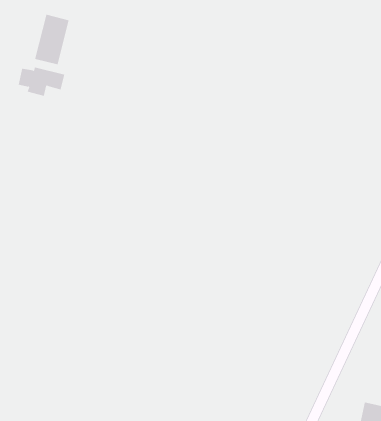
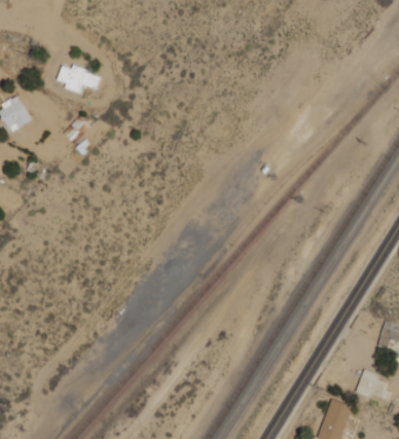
building: [34,14,69,65] -> none

